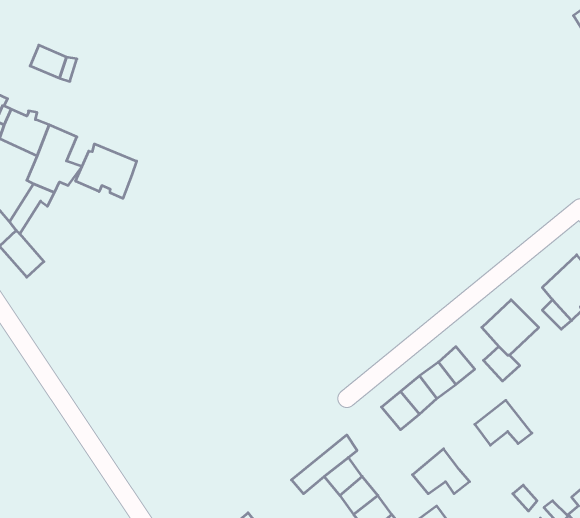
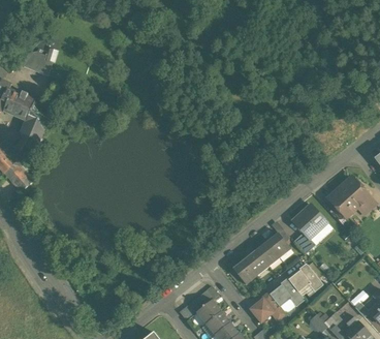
building: [76,144,137,198] -> none
building: none -> [270,279,304,306]

